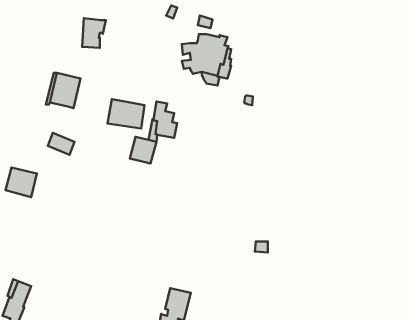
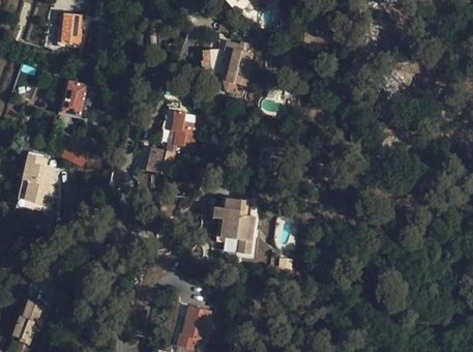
building: [82,18,106,48] -> [61,12,86,43]
building: [108,99,145,129] -> none
building: none -> [22,153,53,185]
building: none -> [212,196,254,254]

